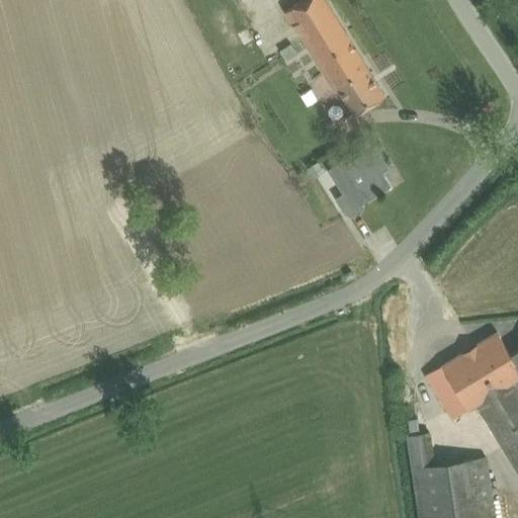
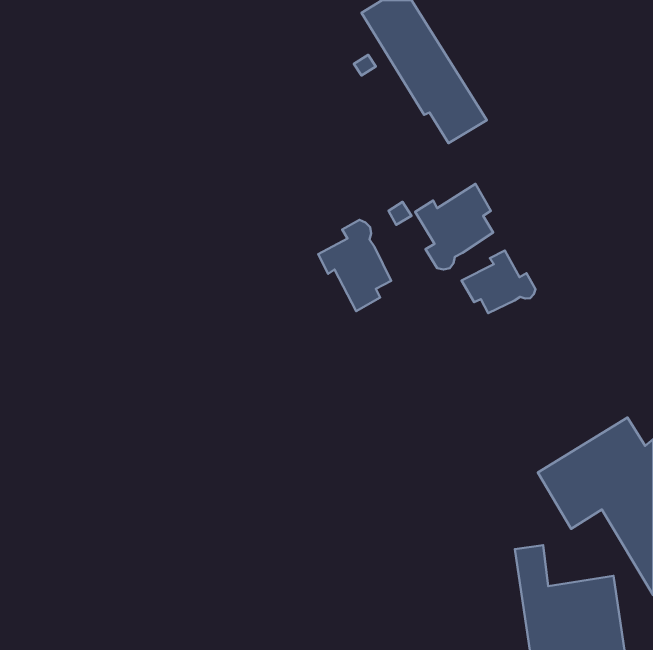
building: none -> [318,220,391,311]
building: none -> [462,251,535,313]

